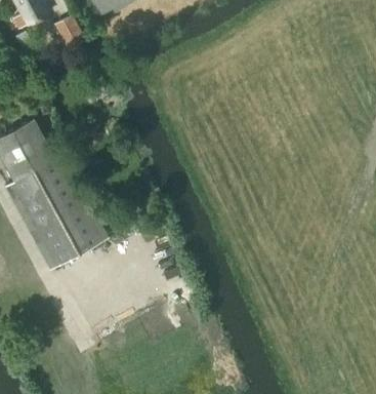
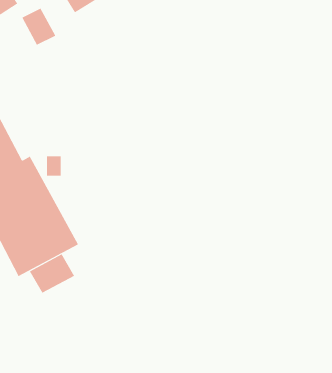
building: none -> [29,254,75,294]

